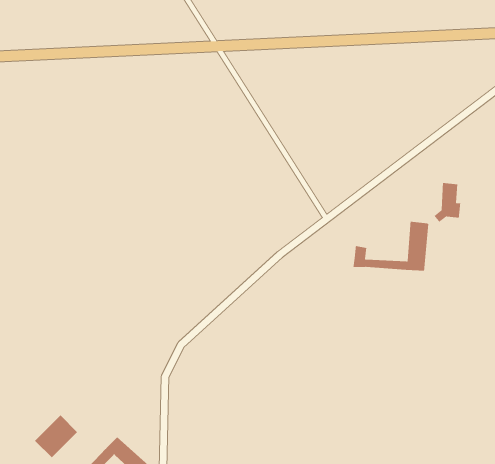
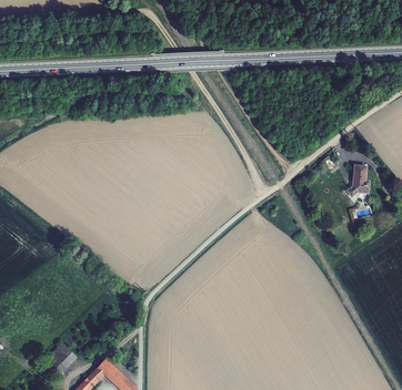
building: [352,221,429,271] -> none

